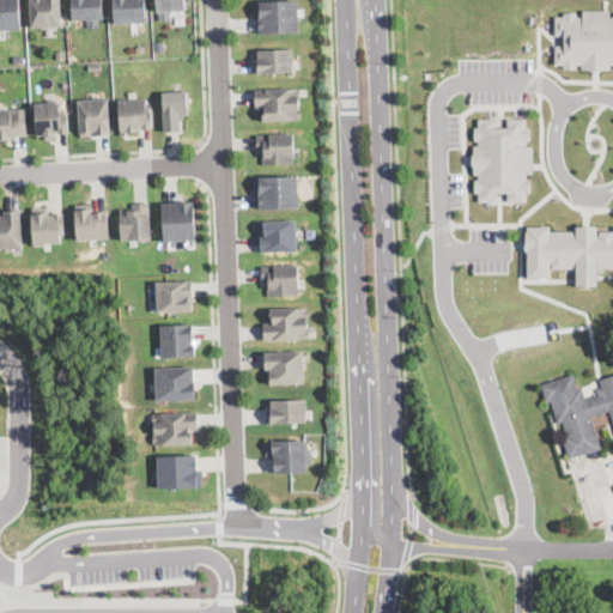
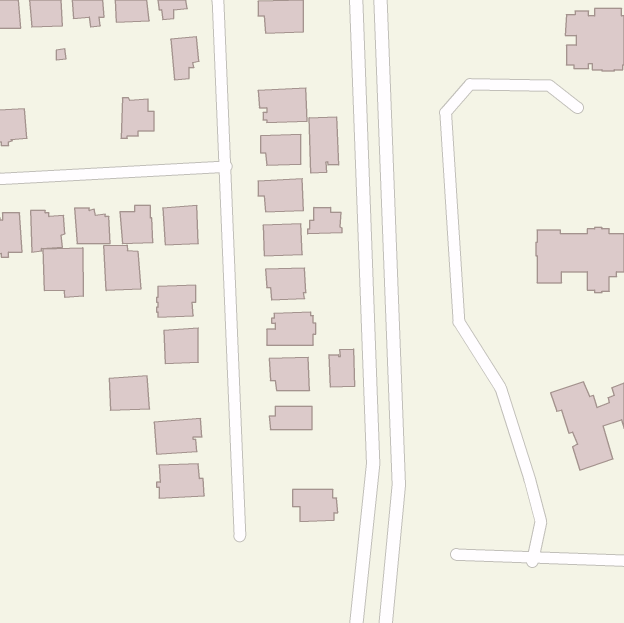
building: [250,50,292,73] -> none
building: [160,91,188,133] -> [171,37,199,80]
building: [77,96,109,136] -> none
building: [34,99,67,140] -> none
building: none -> [309,117,339,173]
building: [471,120,532,202] -> none
building: none -> [308,207,342,234]
building: none -> [104,245,141,291]
building: none -> [43,248,83,297]
building: none -> [329,349,355,387]
building: [154,368,194,401] -> [109,376,150,410]
building: [265,442,309,473] -> [293,490,338,521]

